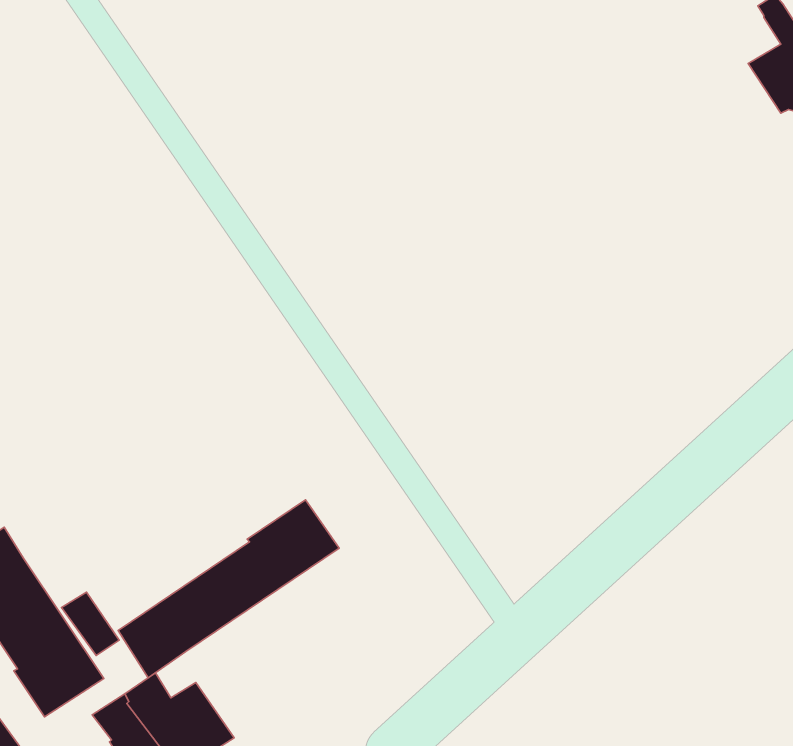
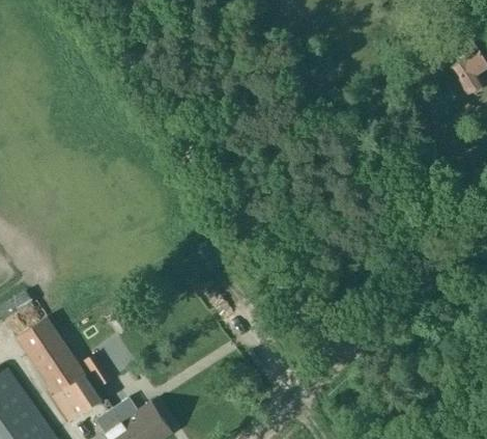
building: [118,500,339,678] -> none

